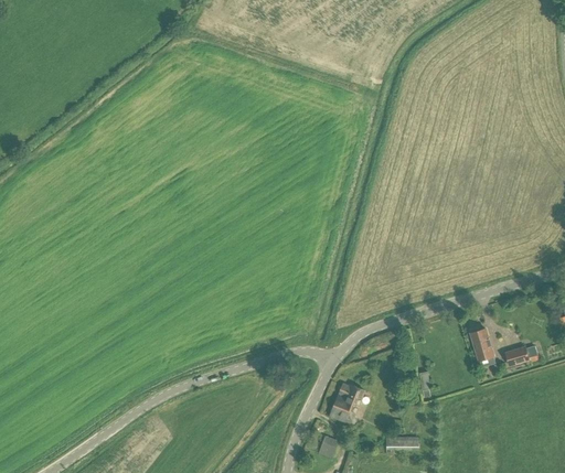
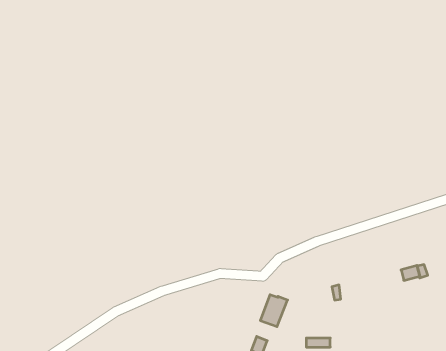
building: [470,329,493,361] -> none

